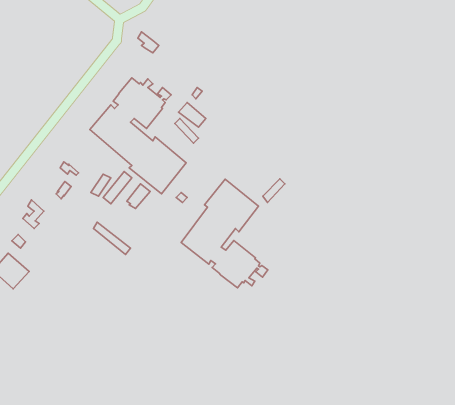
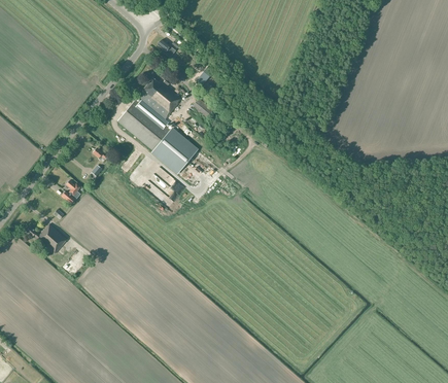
building: [181,179,268,288] -> none

